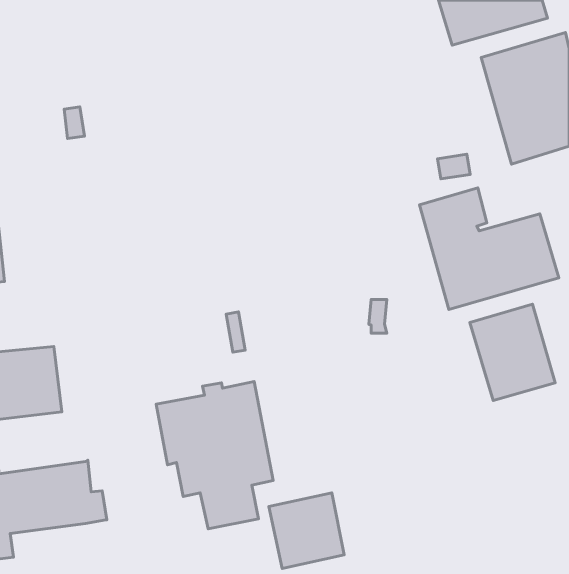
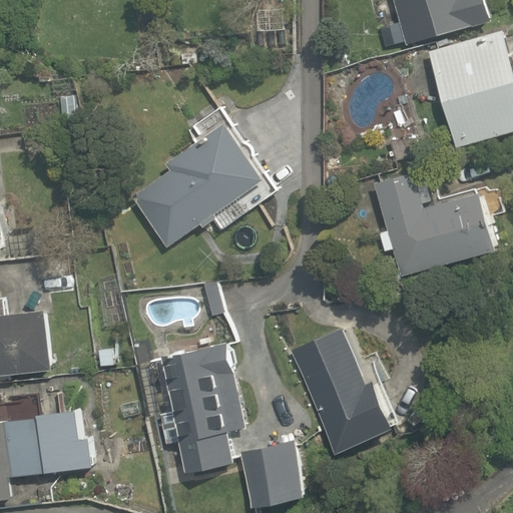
building: none -> [131,108,277,247]
building: [470,304,555,400] -> none
building: none -> [290,328,393,454]

